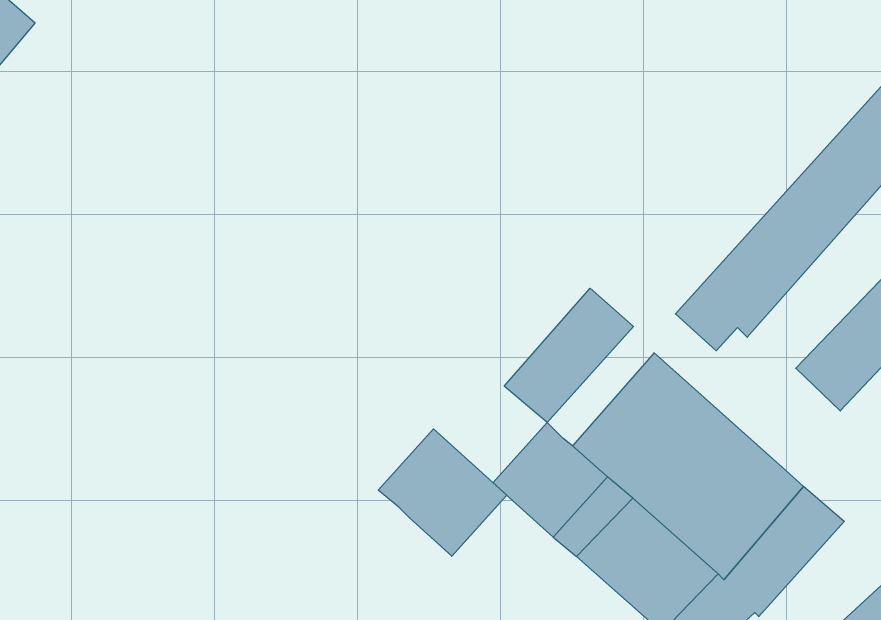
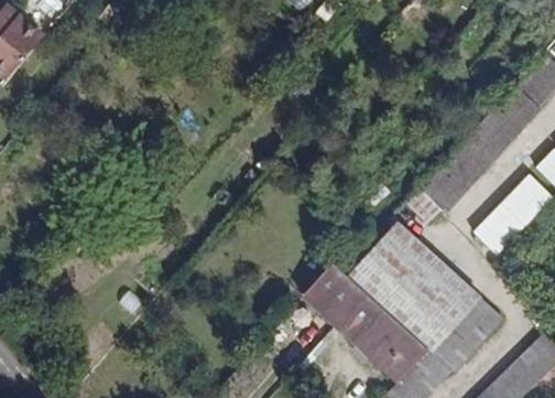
building: [504,288,633,423] -> none
building: [378,429,507,556] -> none

